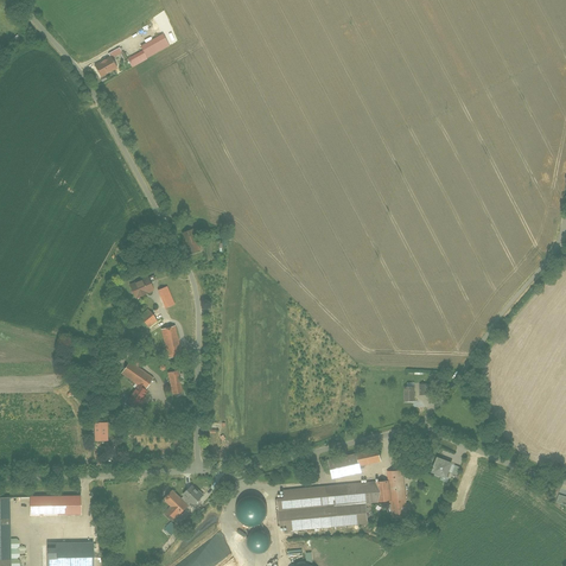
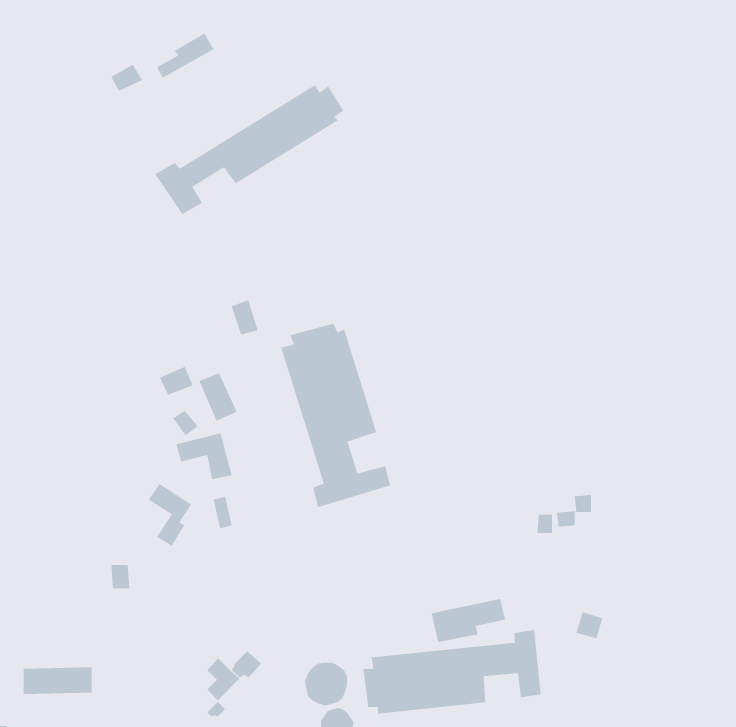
building: none -> [154,84,344,215]
building: none -> [280,323,391,508]

